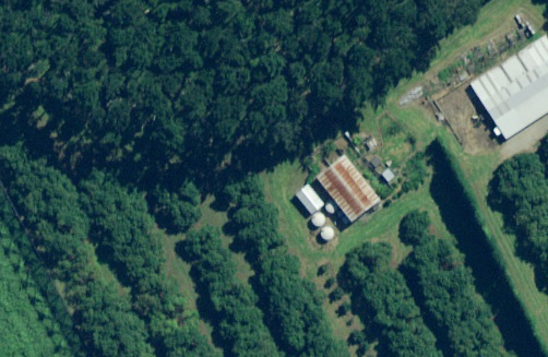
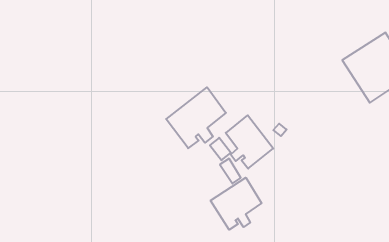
building: none -> [166,87,226,148]
building: none -> [211,178,262,230]

